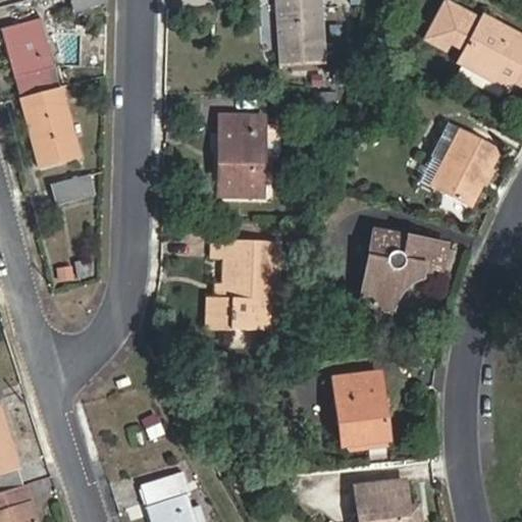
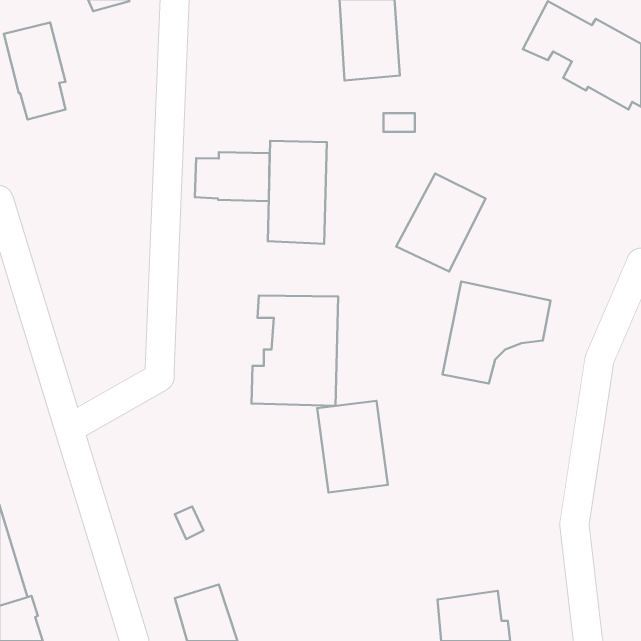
building: [22,89,76,166] -> none
building: none -> [195,152,269,201]
building: [428,127,501,207] -> [396,174,486,272]
building: [50,172,95,205] -> none
building: [331,371,388,446] -> [317,401,388,493]

